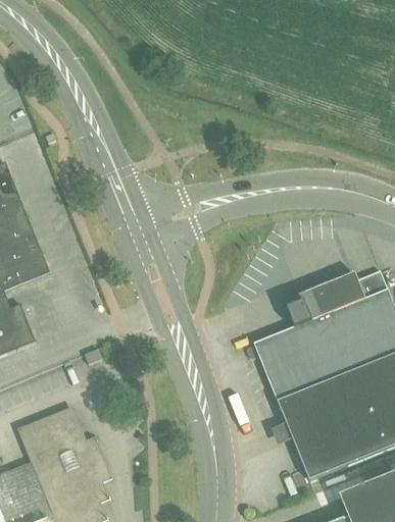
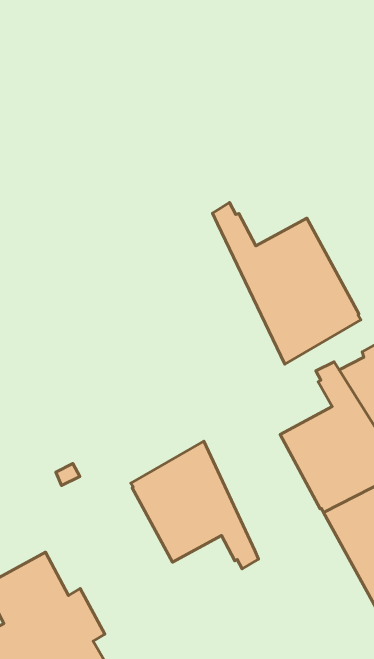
building: none -> [213,203,361,364]
building: none -> [131,441,259,569]

